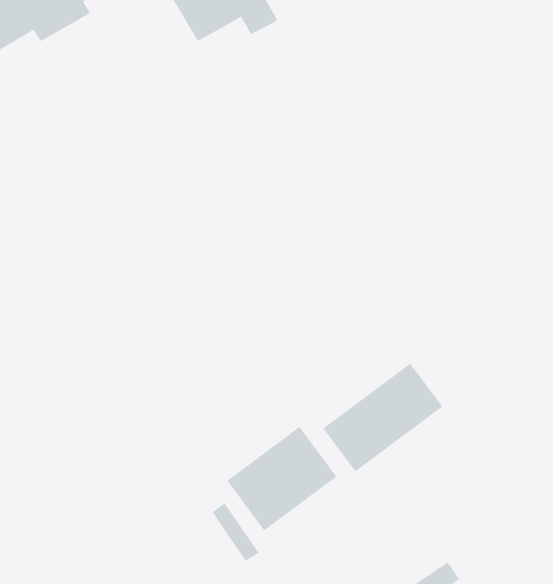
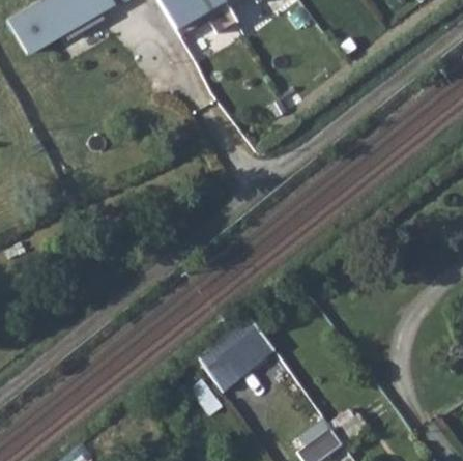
building: [323,363,443,472] -> none

